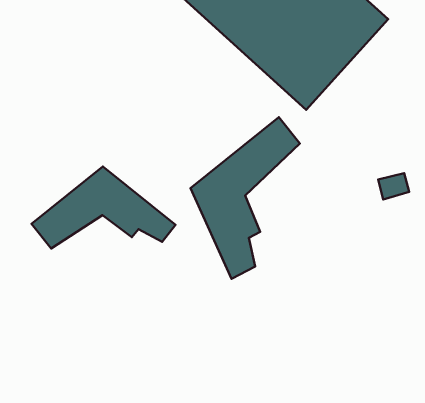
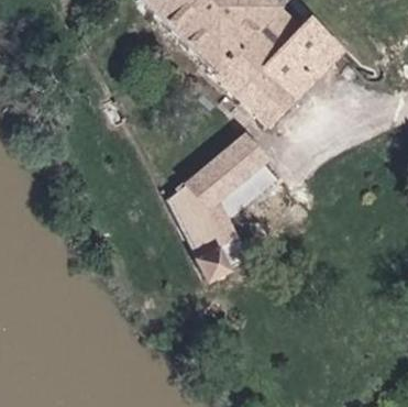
building: [31,166,176,249] -> none

